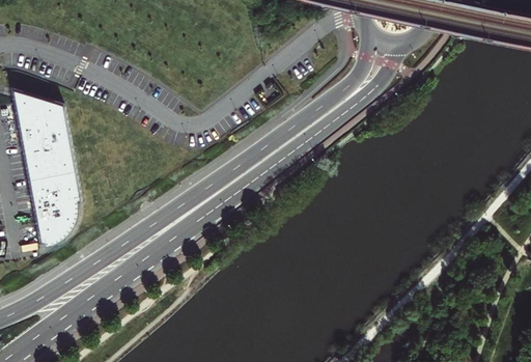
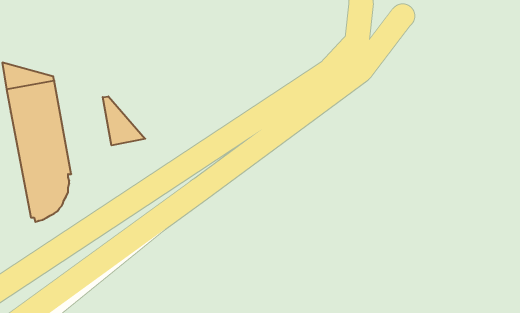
building: none -> [103,96,145,145]

